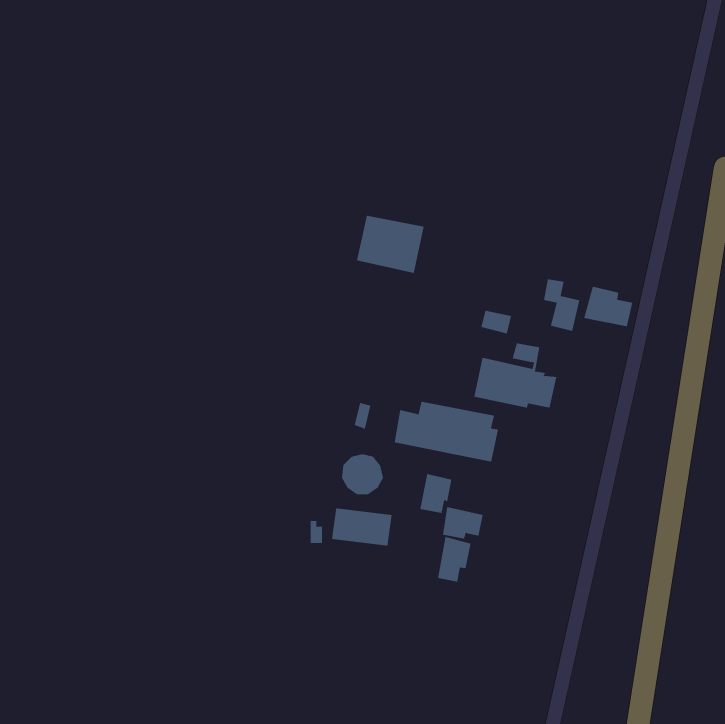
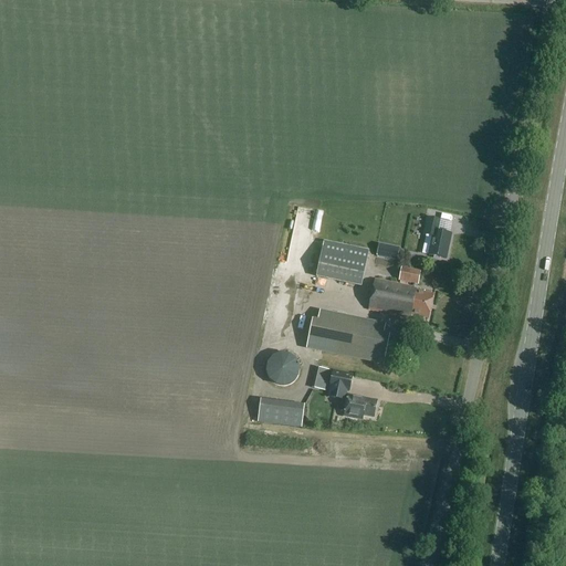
building: [356,215,424,273] -> [315,240,368,285]
building: [584,286,633,327] -> none
building: [438,536,471,583] -> none

